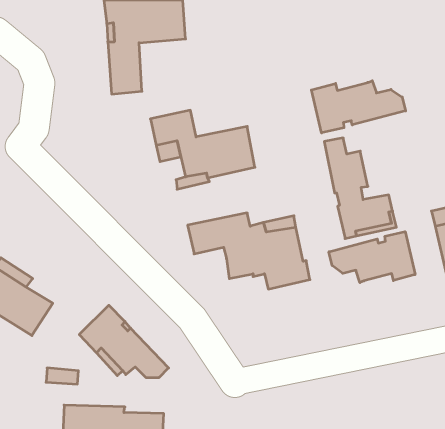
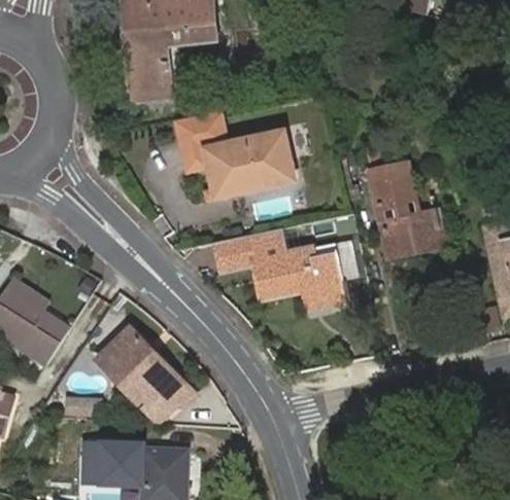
building: [311,81,406,133] -> none
building: [329,232,415,283] -> none

